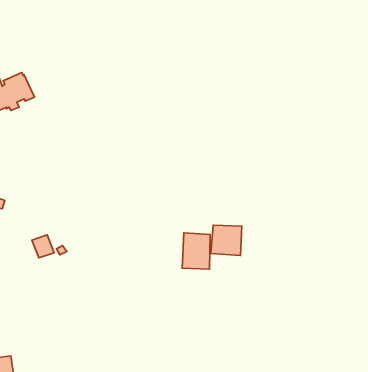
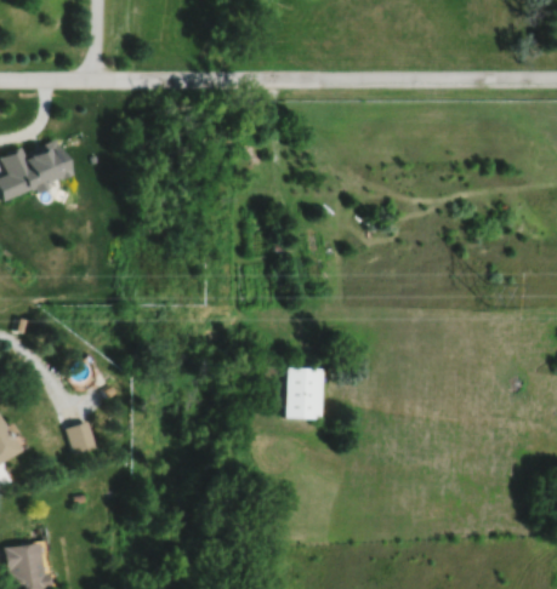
building: [211,225,242,255] -> none
building: [32,235,54,258] -> [67,422,98,454]

